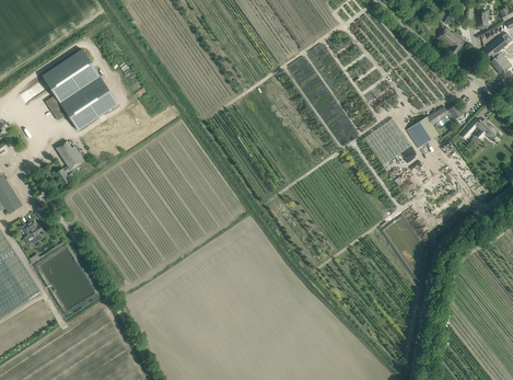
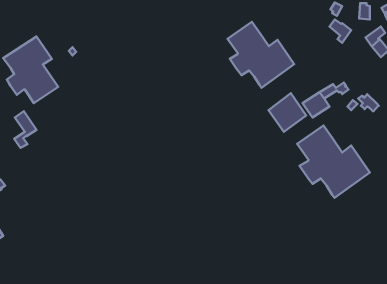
building: none -> [228,22,294,88]
building: none -> [297,125,370,198]

